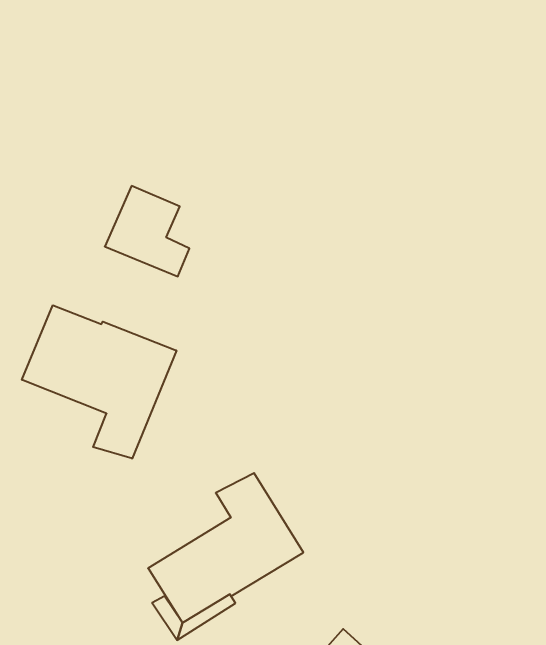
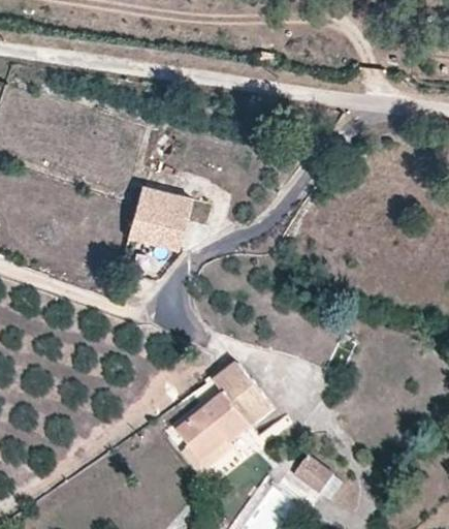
building: [22,305,176,459] -> none

